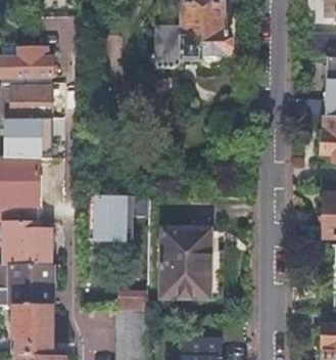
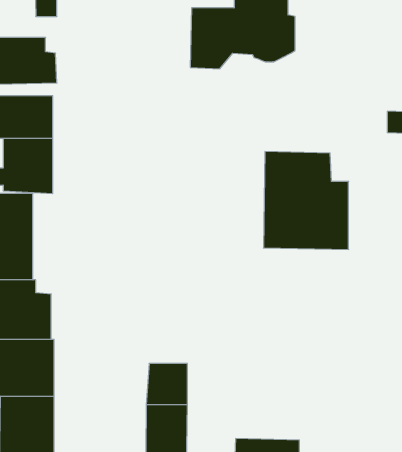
building: [80,195,149,238] -> none
building: [161,228,223,299] -> [263,152,349,249]

